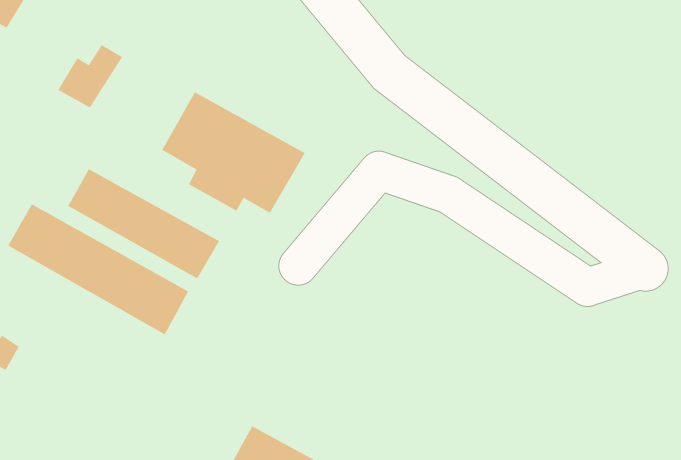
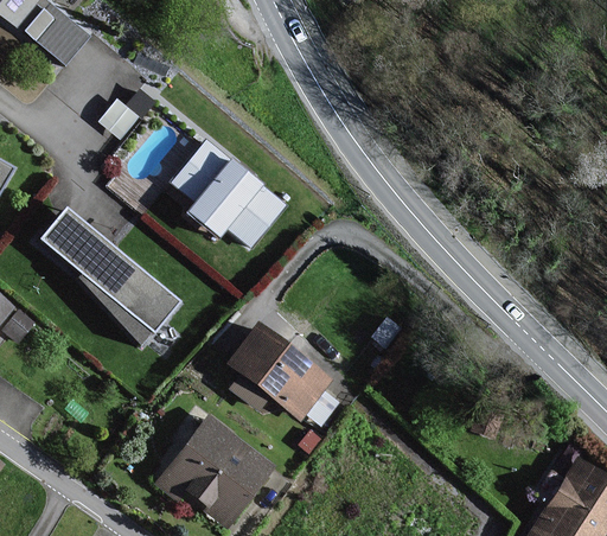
building: [67,168,220,280] -> none
building: none -> [223,320,332,420]

